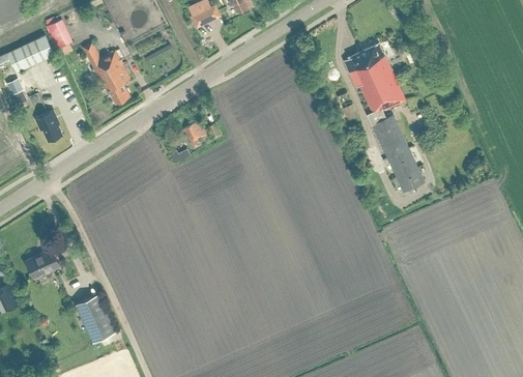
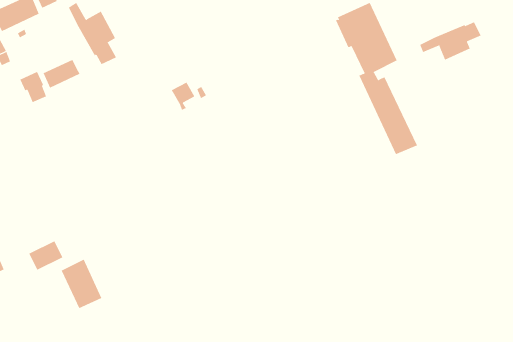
building: none -> [420,22,482,60]
building: none -> [43,59,80,88]
building: [26,249,60,278] -> [28,241,63,270]

